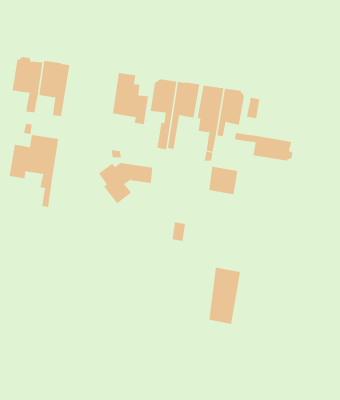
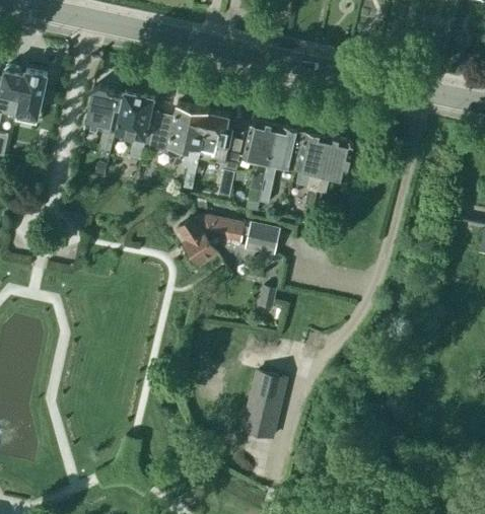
building: [234,132,294,162] -> none
building: [9,134,59,207] -> [148,104,208,190]
building: [208,166,238,195] -> [245,223,280,258]
building: [209,267,241,324] -> [244,371,284,438]

